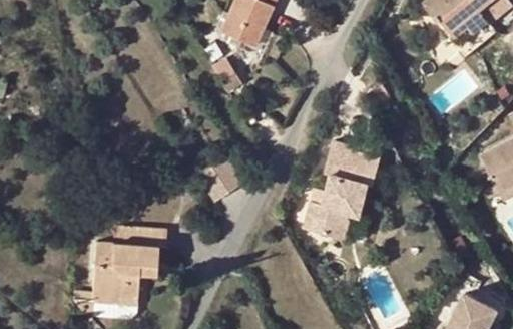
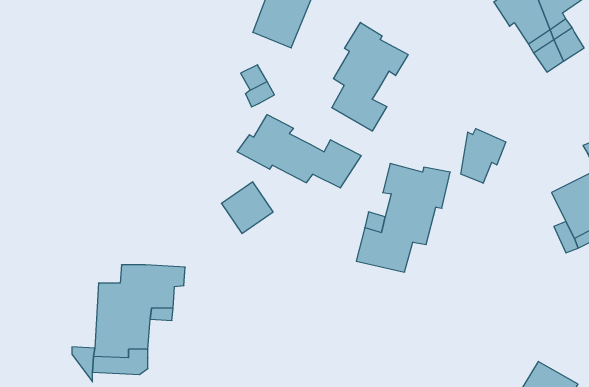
building: none -> [332,22,408,131]
building: none -> [237,115,361,188]
building: none -> [461,129,506,183]

